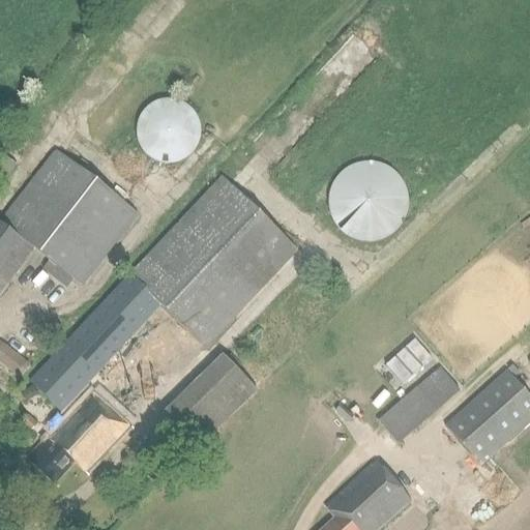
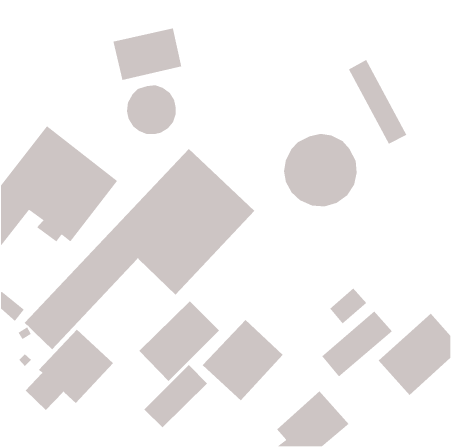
building: none -> [113,28,182,81]
building: none -> [348,59,408,145]
building: none -> [202,319,283,401]
building: none -> [143,364,208,428]

